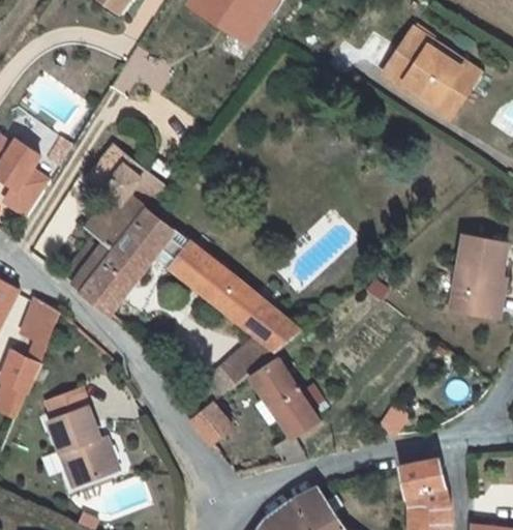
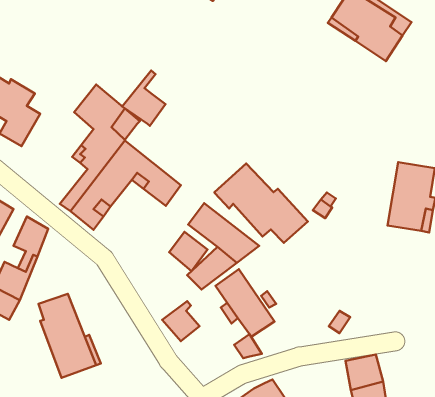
building: none -> [122,71,166,126]
building: none -> [215,164,308,243]
building: [193,262,238,307] -> [169,232,208,271]

